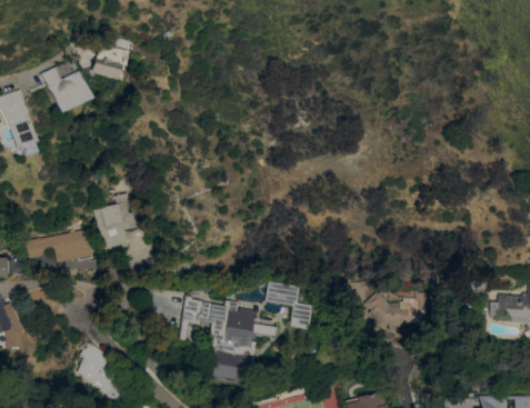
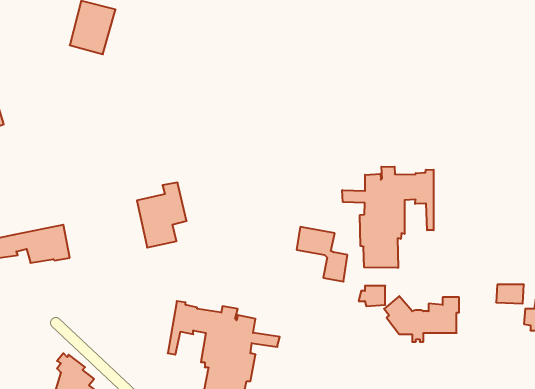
building: [42,66,93,112] -> none
building: none -> [342,167,434,268]
building: [94,193,138,250] -> [137,183,187,248]
building: [266,281,310,329] -> [297,227,347,282]

